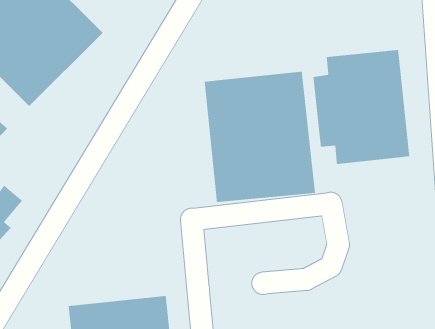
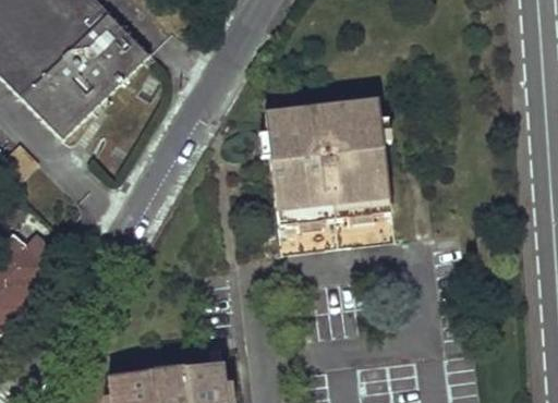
building: [313,49,410,165] -> none

